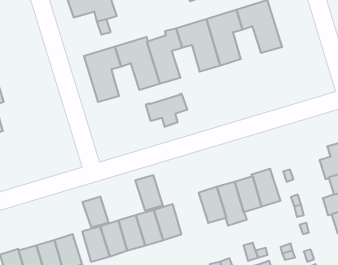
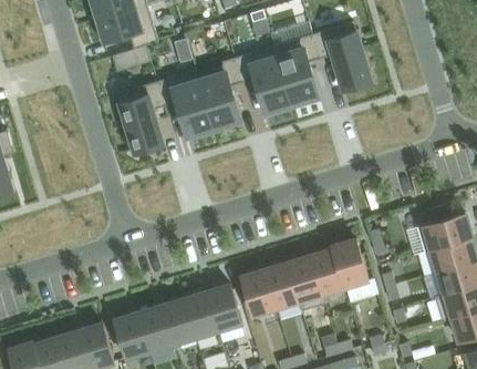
building: [146,94,187,127] -> none
building: [135,175,163,210] -> [240,269,276,315]
building: [83,196,108,227] -> none

